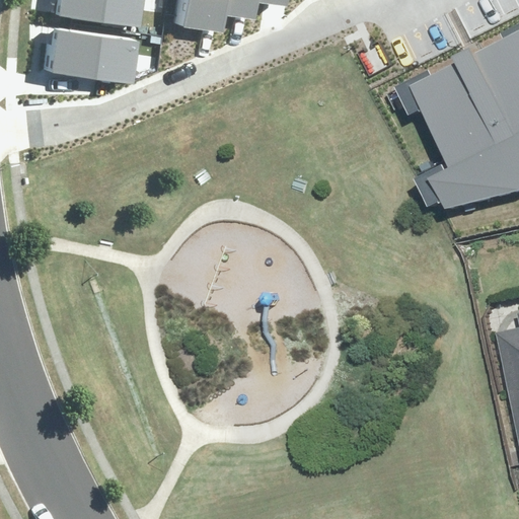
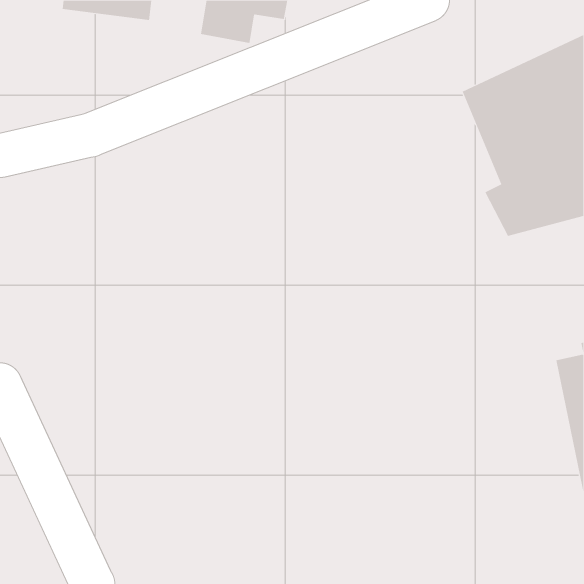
building: [44,24,127,74] -> none

